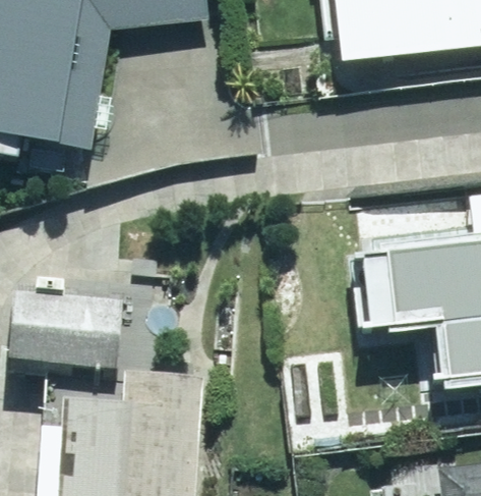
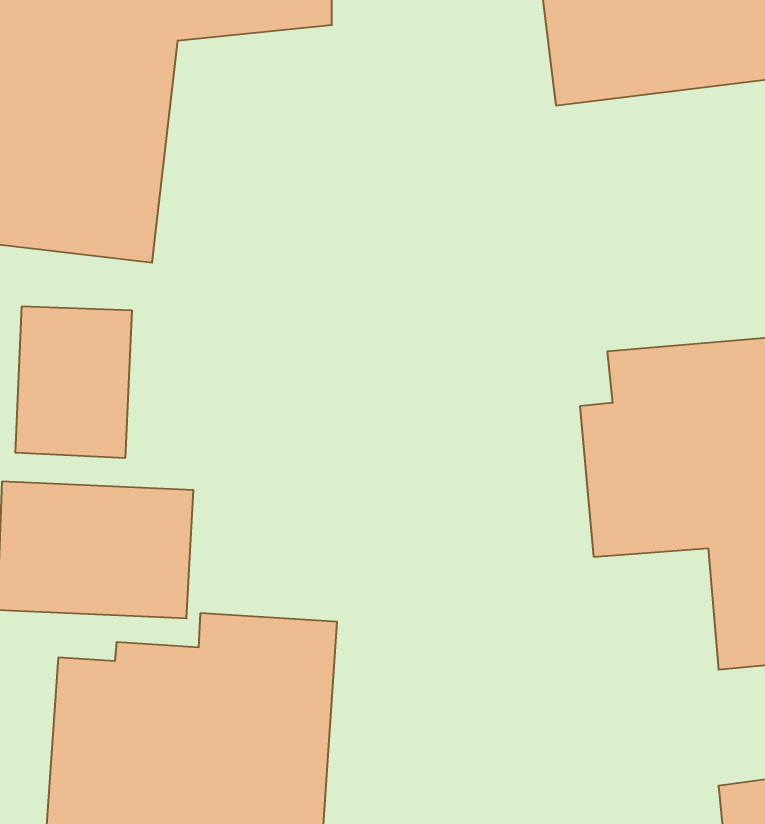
building: none -> [15,306,132,458]

